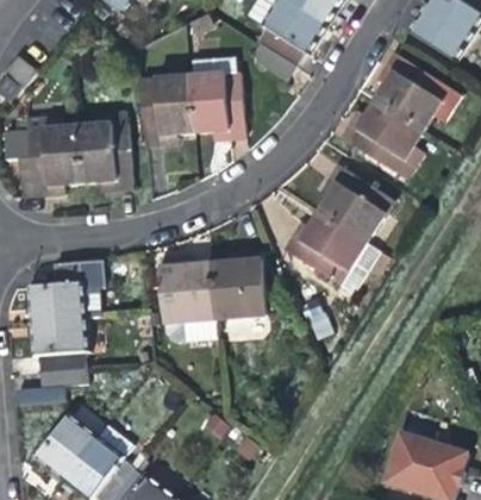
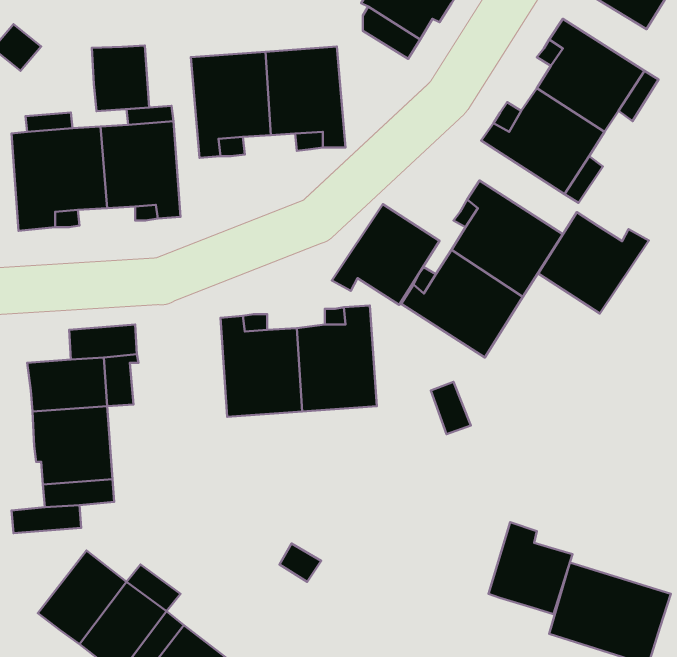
building: none -> [92,45,149,111]
building: none -> [332,204,440,305]
building: none -> [538,212,649,313]
building: none -> [488,522,573,614]

